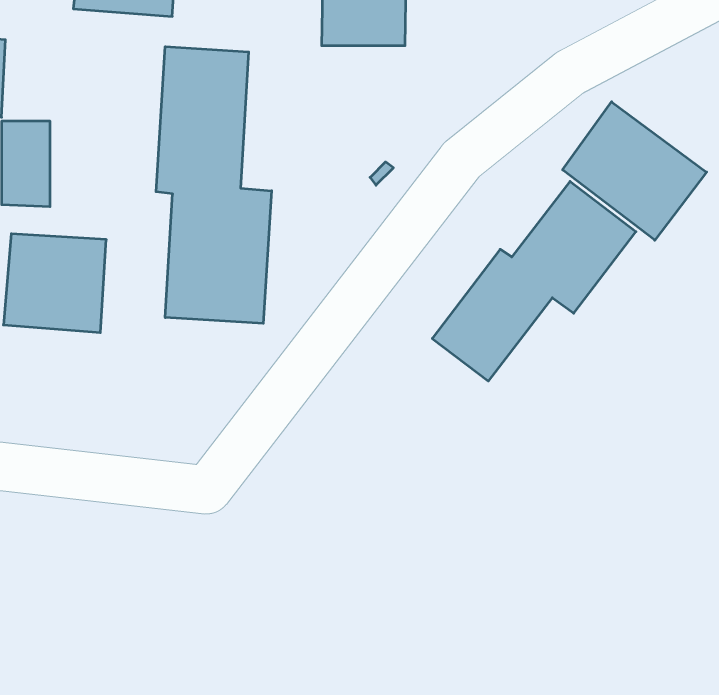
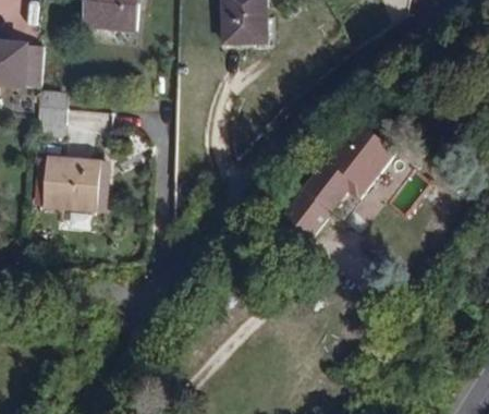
building: [156,47,272,323] -> none
building: [563,102,707,240] -> none

